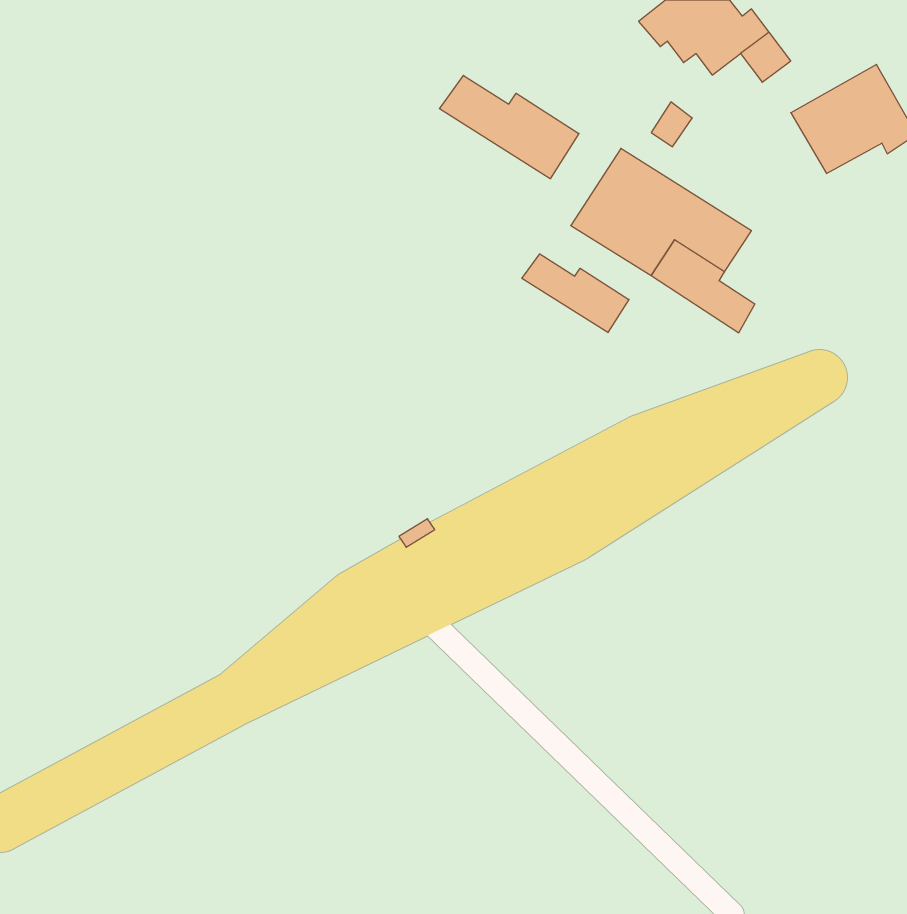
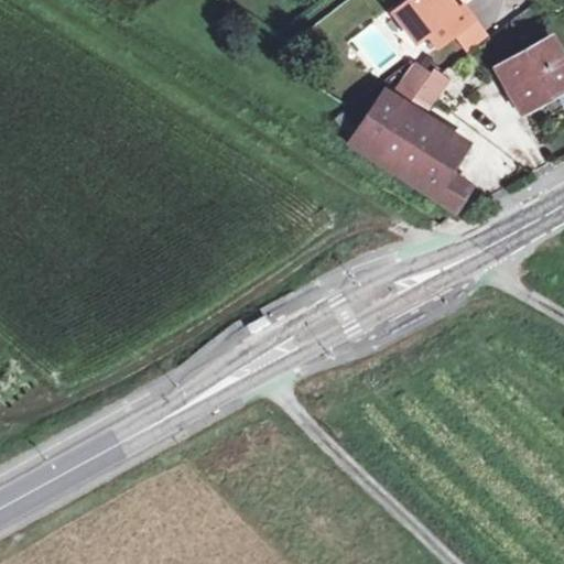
building: [439,75,579,179] -> none
building: [522,254,629,333] -> none

